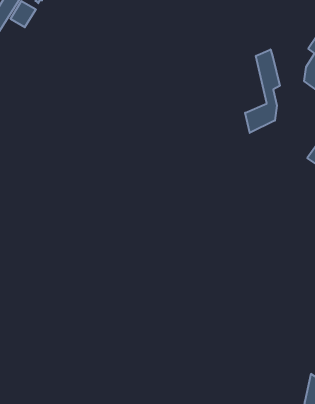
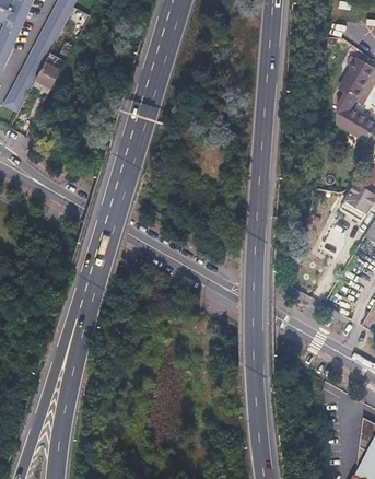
building: [245,49,280,133] -> none

